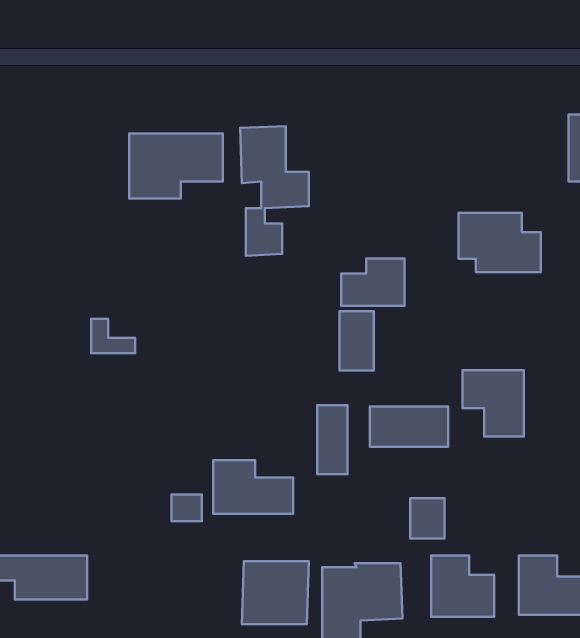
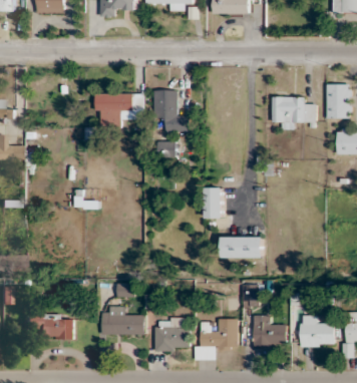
building: [459,213,541,272] -> [273,96,316,127]
building: [341,259,405,306] -> none
building: [462,370,524,436] -> none
building: [317,405,347,474] -> none
building: [213,460,293,514] -> [102,307,144,335]

